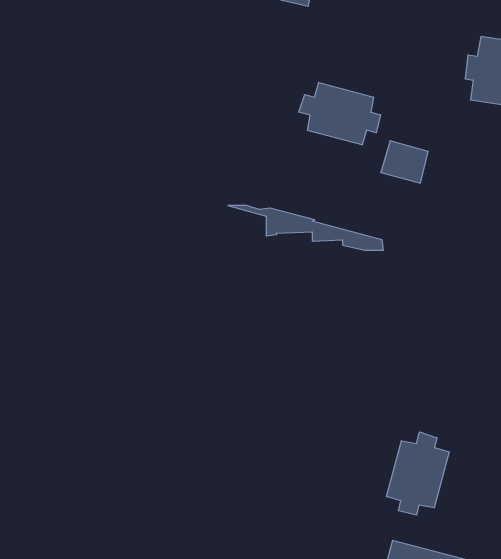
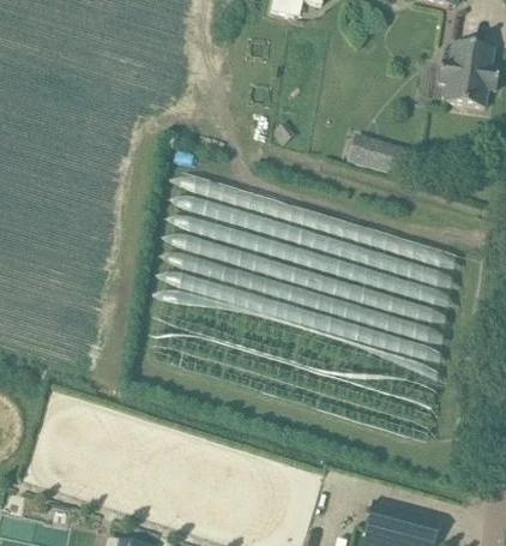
building: [299,82,380,145] -> none
building: [386,432,449,515] -> none

